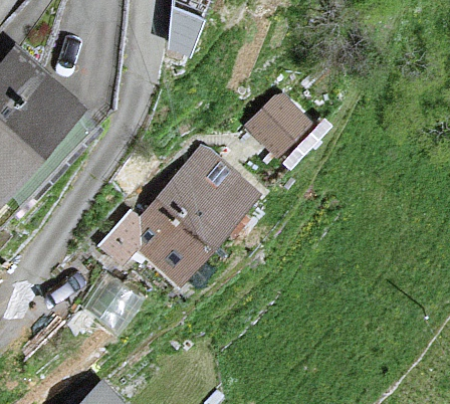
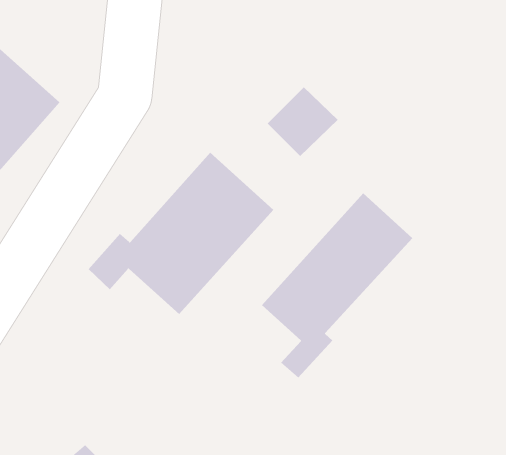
building: none -> [261,193,413,378]

